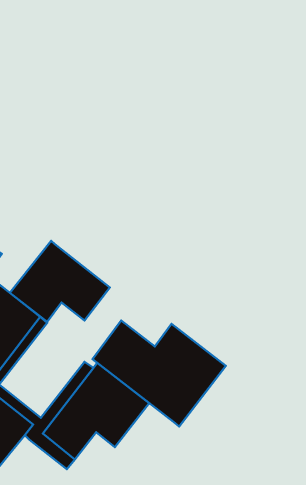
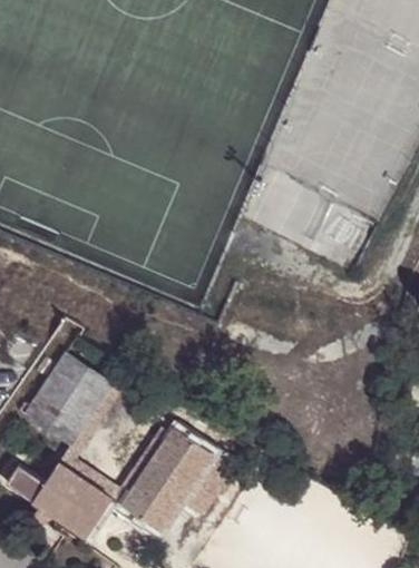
building: [10,241,110,322] -> none
building: [92,320,226,427] -> none

